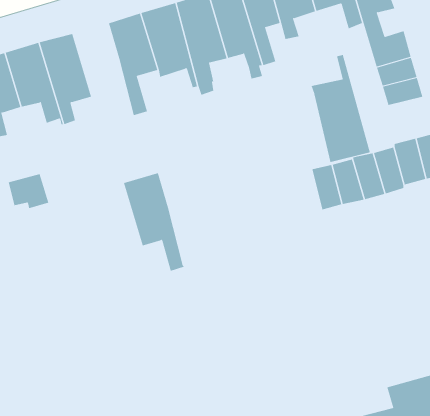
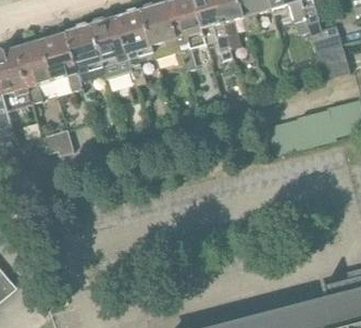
building: [311,54,371,163] -> none
building: [123,173,185,271] -> [91,17,137,90]

